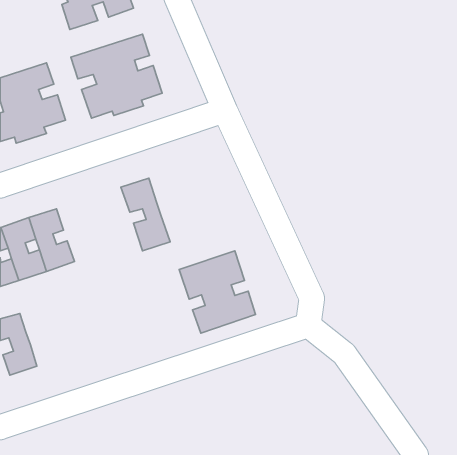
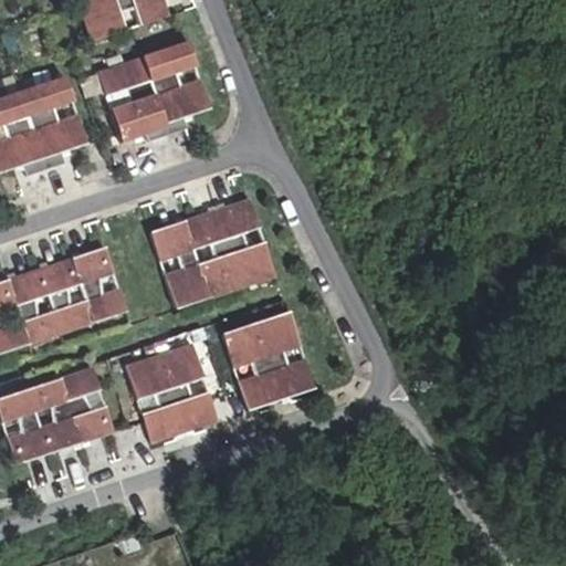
building: none -> [185,197,279,298]
building: none -> [71,247,127,323]
building: none -> [124,343,219,443]
building: none -> [25,365,113,452]

